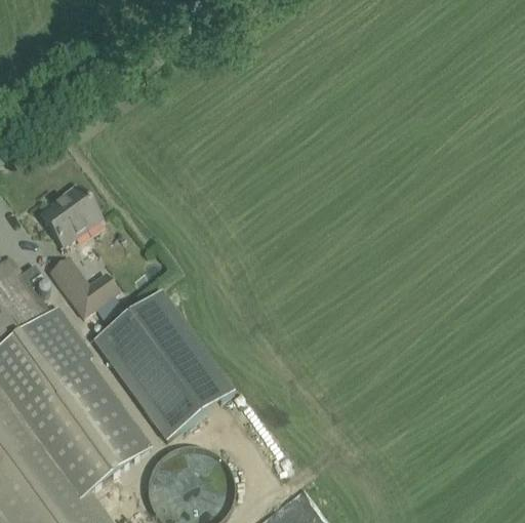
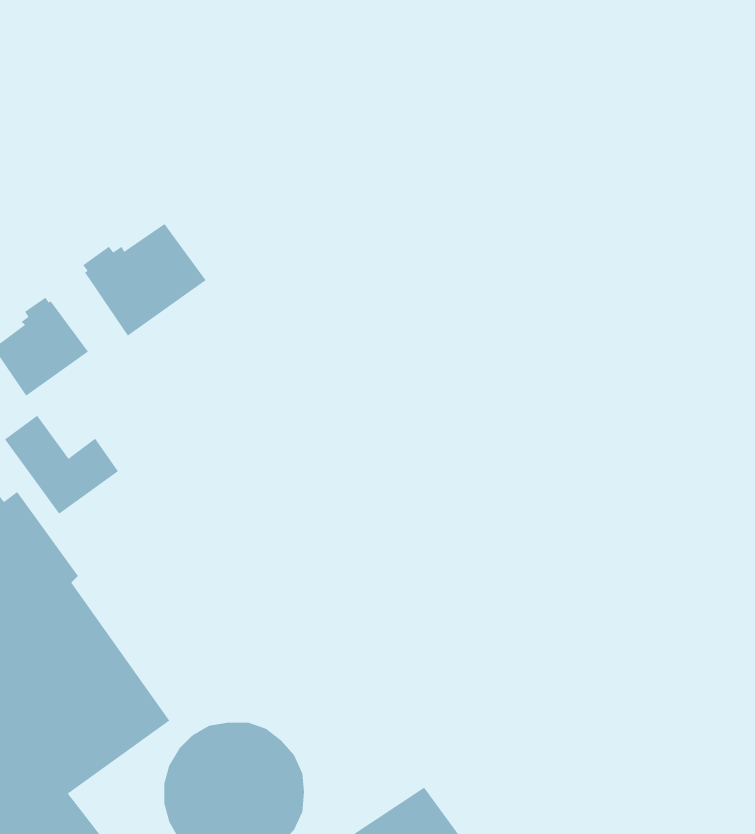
building: none -> [82,223,206,336]
building: [92,289,234,440] -> none

